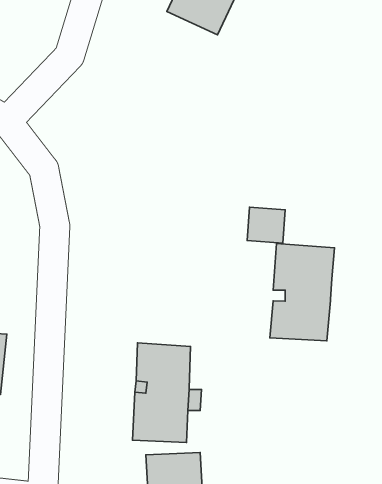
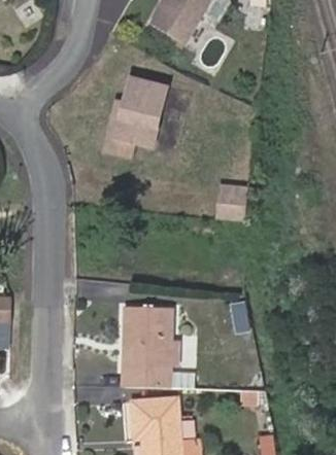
building: none -> [106,73,171,159]
building: [270,243,334,341] -> none

